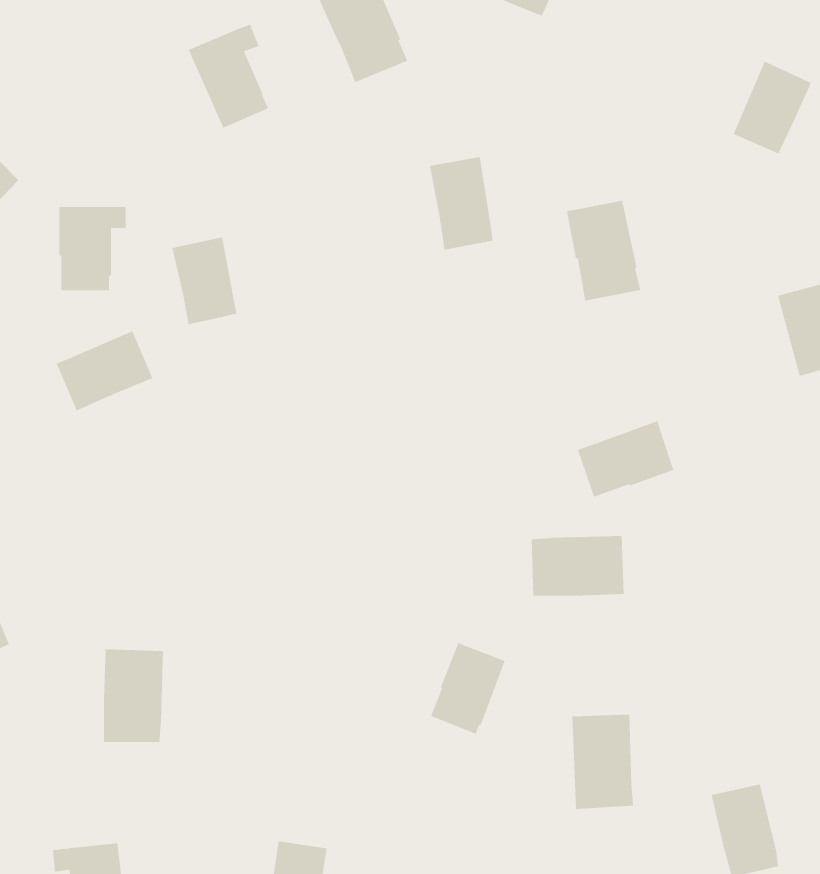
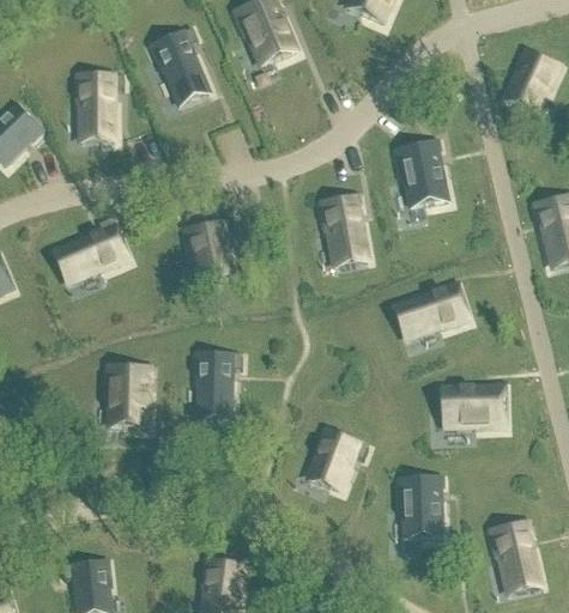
building: [429,157,493,250] -> [322,195,364,256]
building: [59,206,126,291] -> [79,74,123,129]
building: [171,237,237,325] -> [187,221,230,279]
building: none -> [198,352,232,408]
building: [531,536,624,596] -> [444,387,506,426]
building: [103,649,164,743] -> [109,365,149,426]

